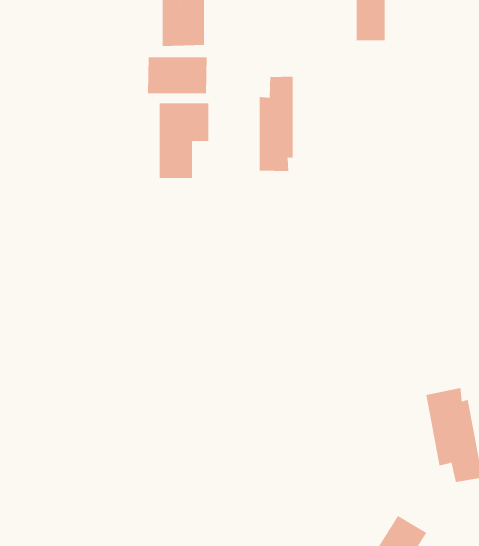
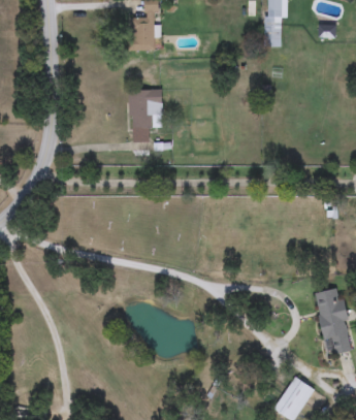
building: [147,57,207,94] -> none
building: [259,76,293,172] -> none

